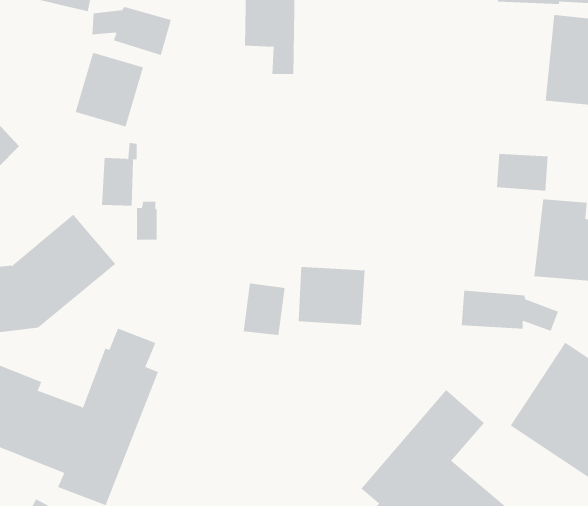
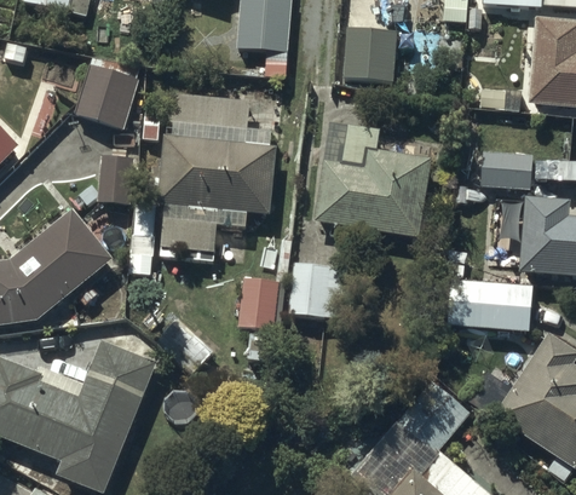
building: [92,6,172,56] -> none
building: none -> [344,31,393,81]
building: none -> [159,93,272,252]
building: none -> [313,125,431,237]

